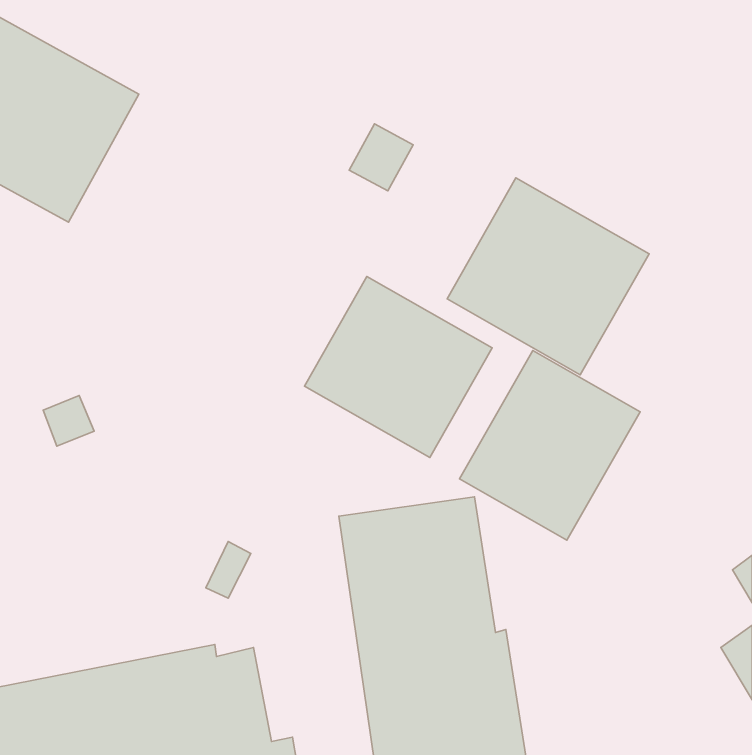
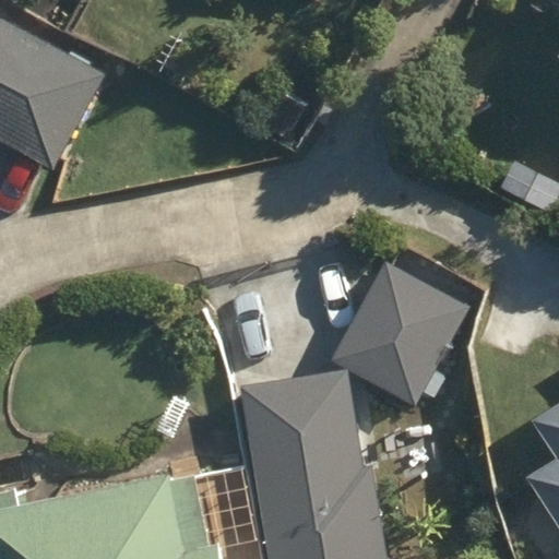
building: [447,178,649,375] -> none
building: [304,276,492,457] -> none

